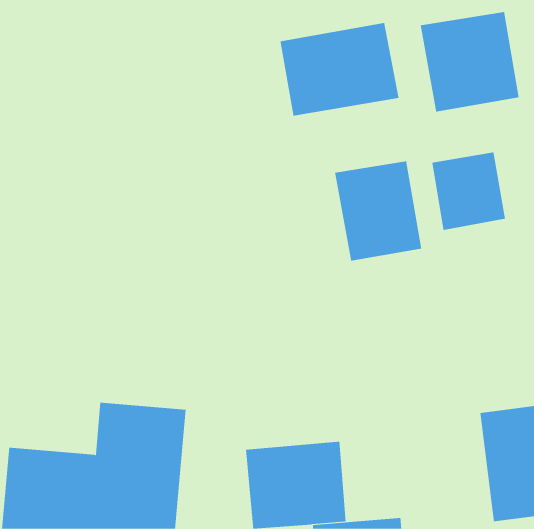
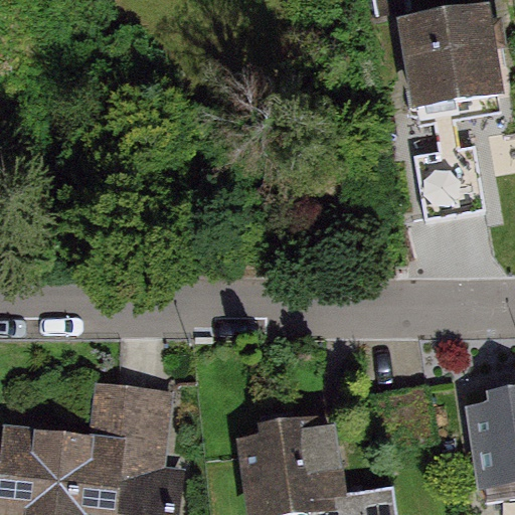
building: [280,22,399,117] -> none
building: [335,161,422,262] -> none

